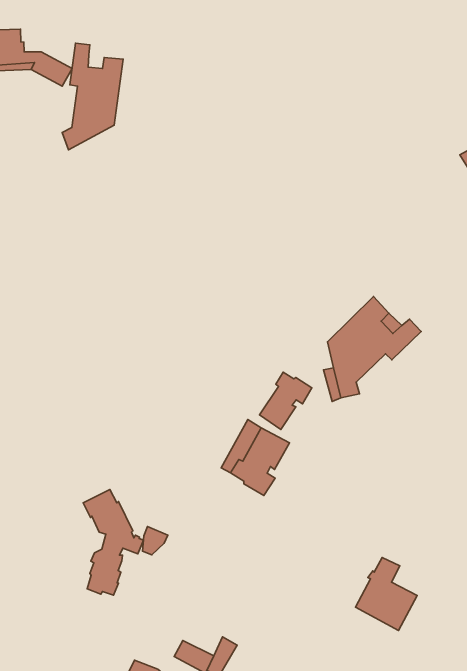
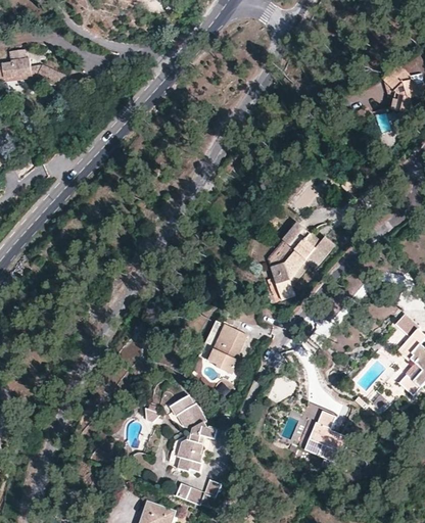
building: [62,43,123,150] -> none
building: [260,372,312,430] -> none
building: [83,490,143,595] -> [170,394,216,471]

